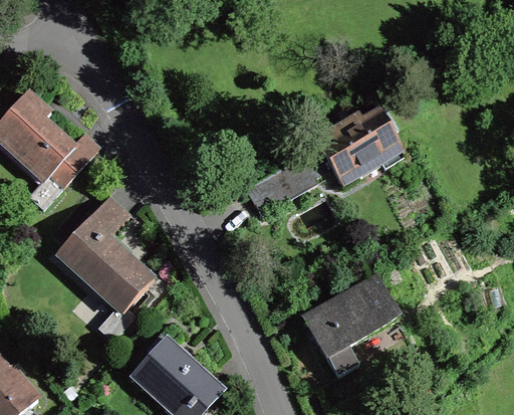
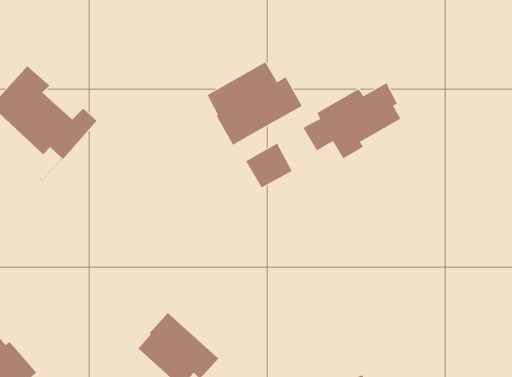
building: none -> [207,61,302,145]
building: [56,196,154,313] -> none
building: [307,282,398,376] -> none

